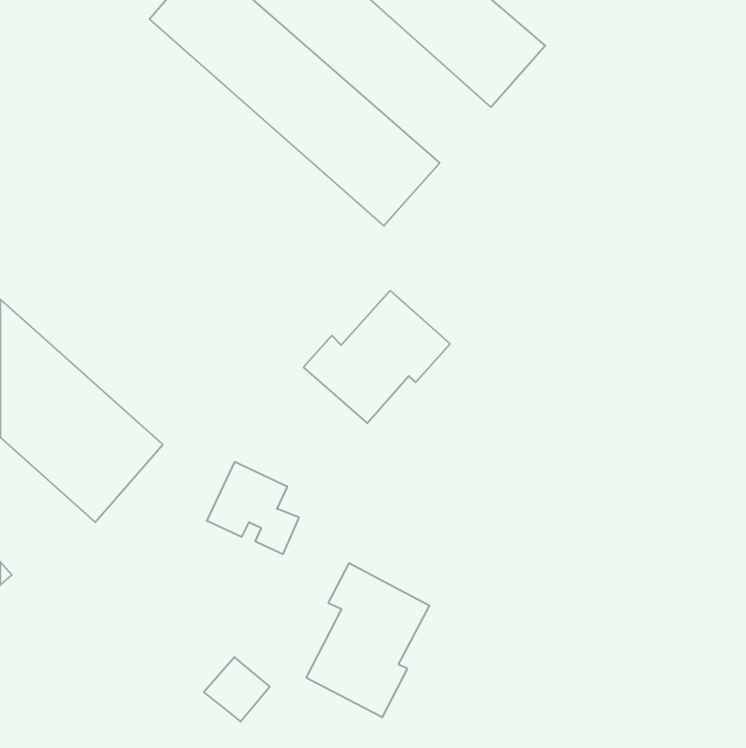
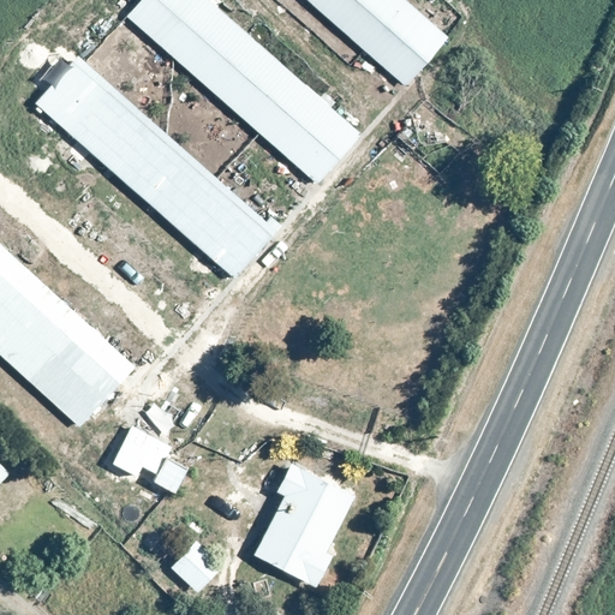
building: none -> [35,55,282,280]
building: [304,291,450,423] -> none
building: [207,462,299,554] -> [109,419,185,495]

